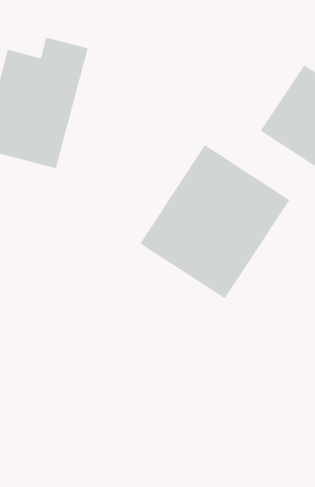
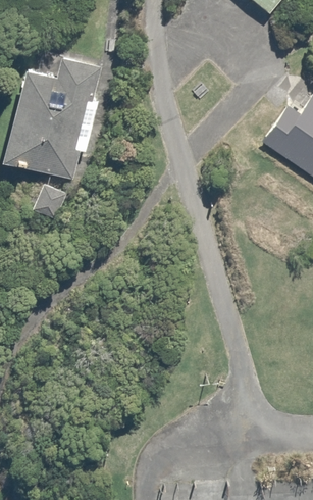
building: [139,144,290,299] -> none

